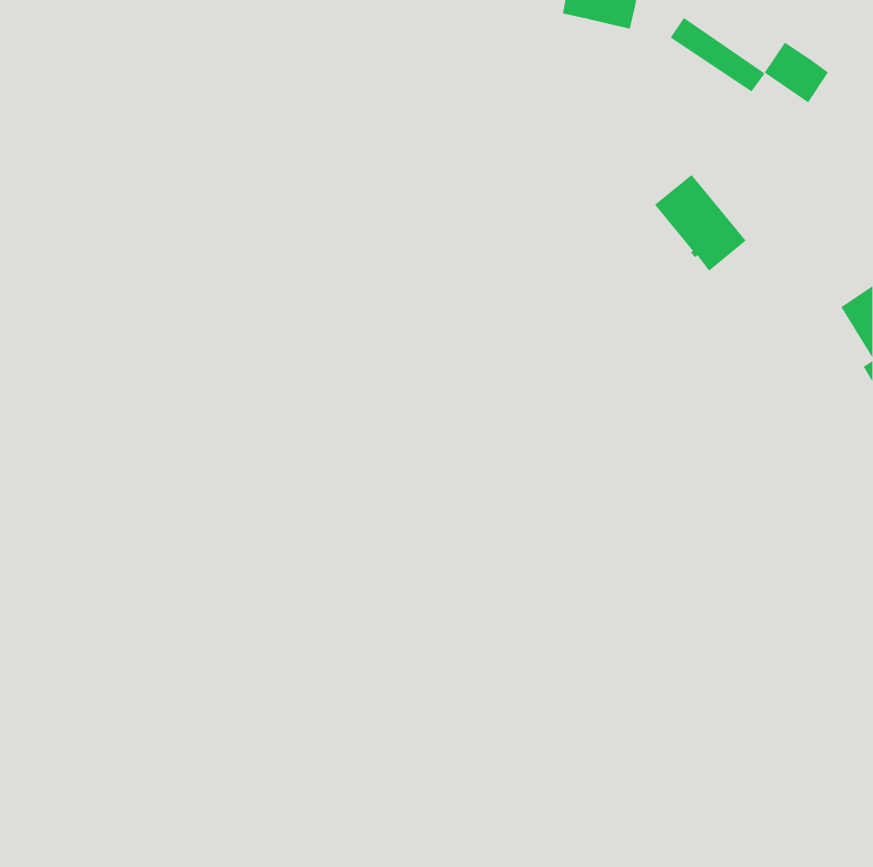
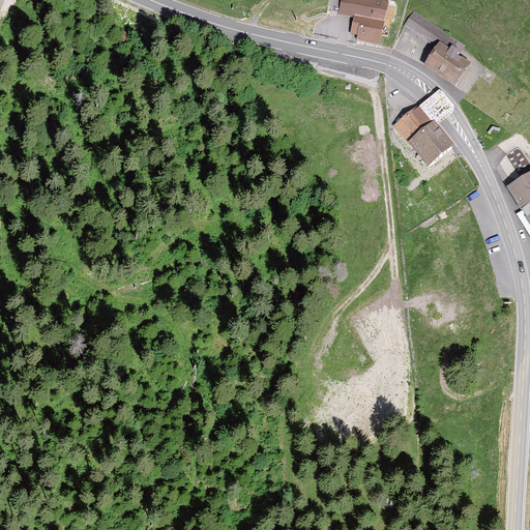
building: none -> [351,11,382,40]
building: [764,42,829,103] -> [428,46,467,83]

